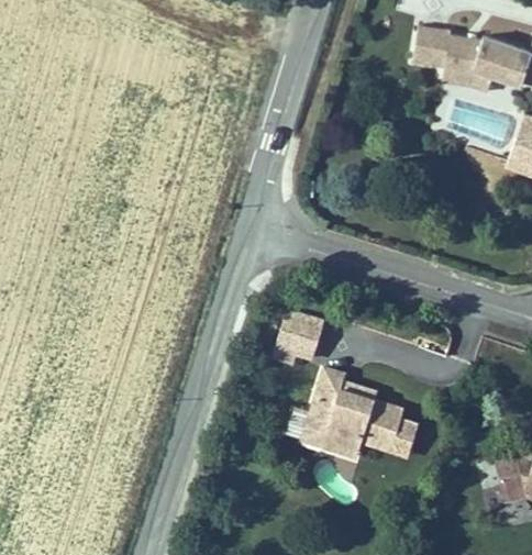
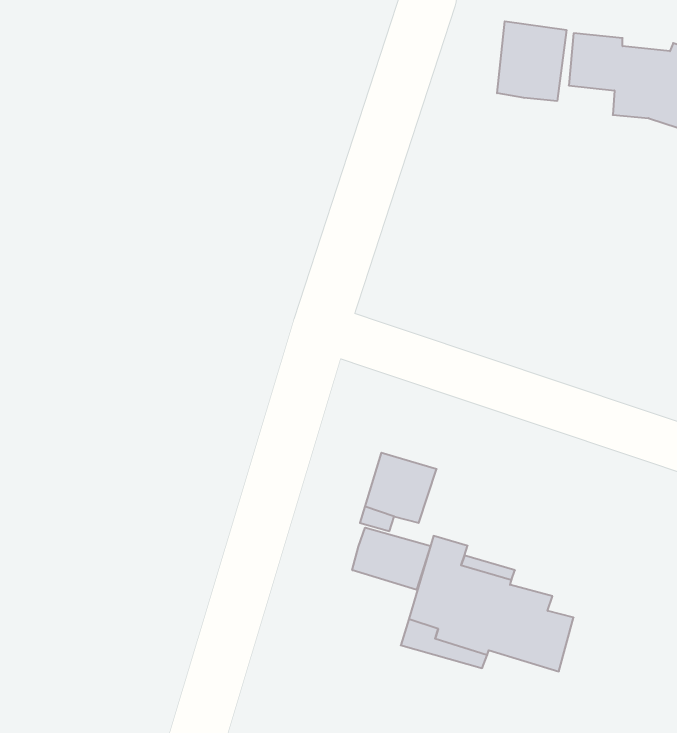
building: none -> [497,21,566,101]
building: none -> [352,528,430,590]

